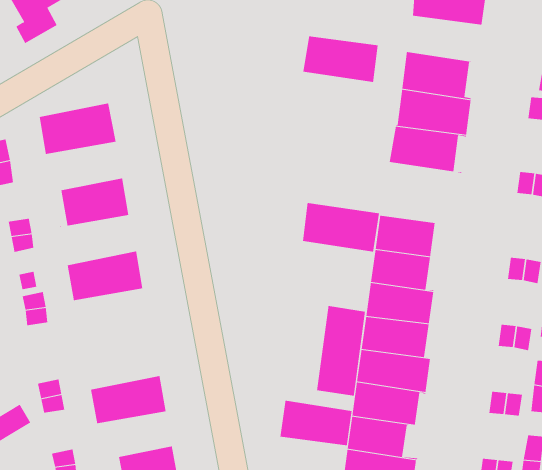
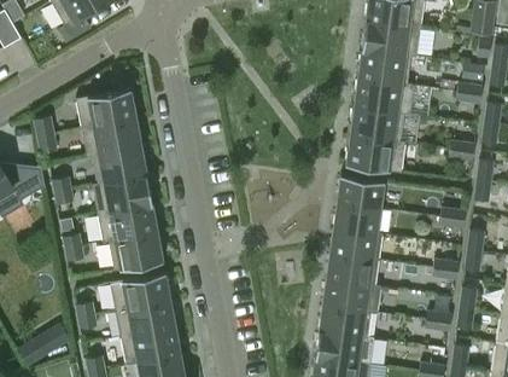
building: [302,36,379,83] -> [361,22,420,58]
building: none -> [81,120,141,158]
building: [302,202,380,252] -> [344,135,404,174]
building: none -> [92,176,152,215]
building: none -> [103,233,163,272]
building: [317,305,366,397] -> none
building: none -> [110,273,170,312]
building: [280,400,352,446] -> none
building: none -> [121,329,180,366]

